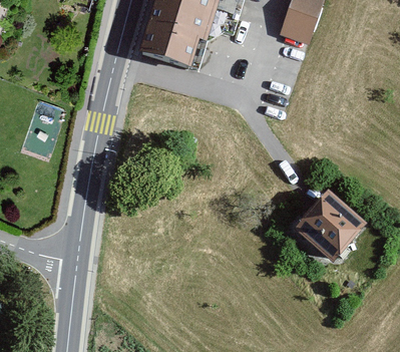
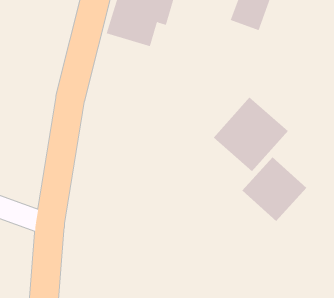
building: none -> [213,96,289,172]

